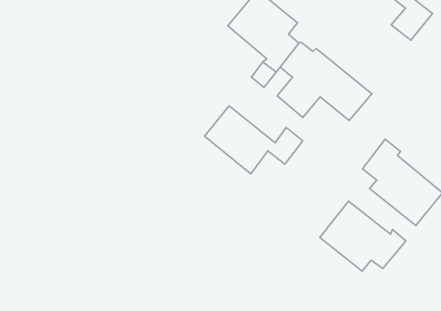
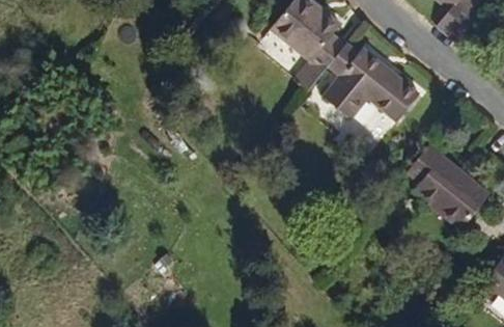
building: [204,106,303,174] -> none
building: [320,201,406,271] -> none

